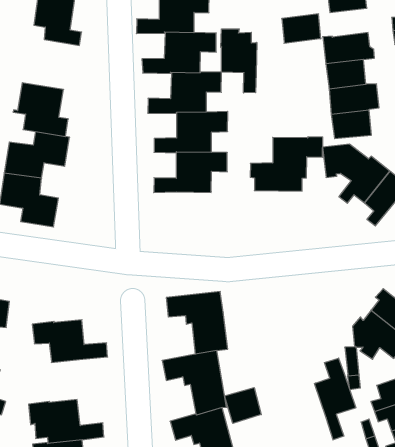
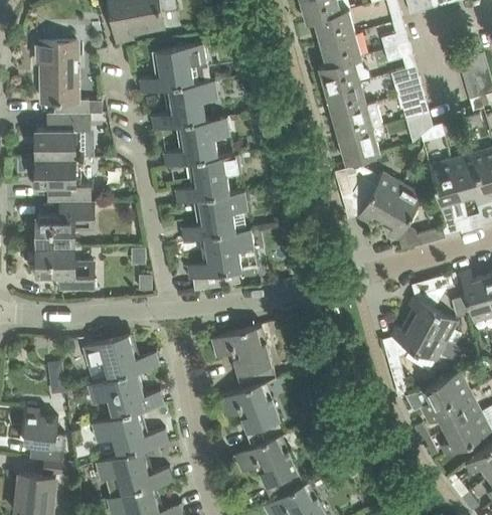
building: [282,14,321,43] -> [320,33,360,66]
building: [221,29,257,93] -> none
building: none -> [35,114,88,158]
building: [250,137,323,191] -> [185,229,253,291]
building: none -> [81,334,159,380]
building: [315,358,356,440] -> none
building: none -> [90,411,168,457]
building: [225,388,261,423] -> none

